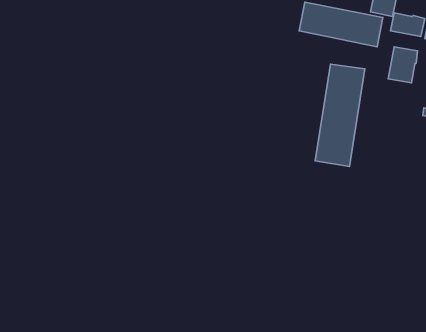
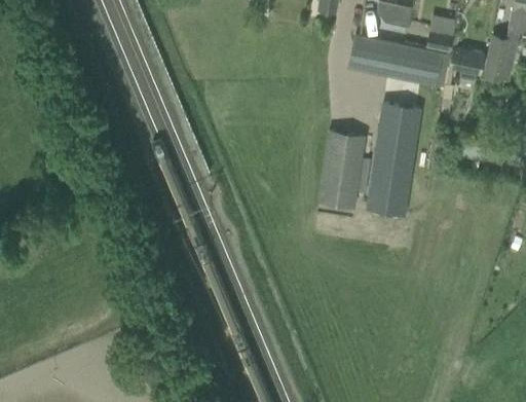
building: [388,47,418,83] -> none
building: none -> [318,133,370,209]

